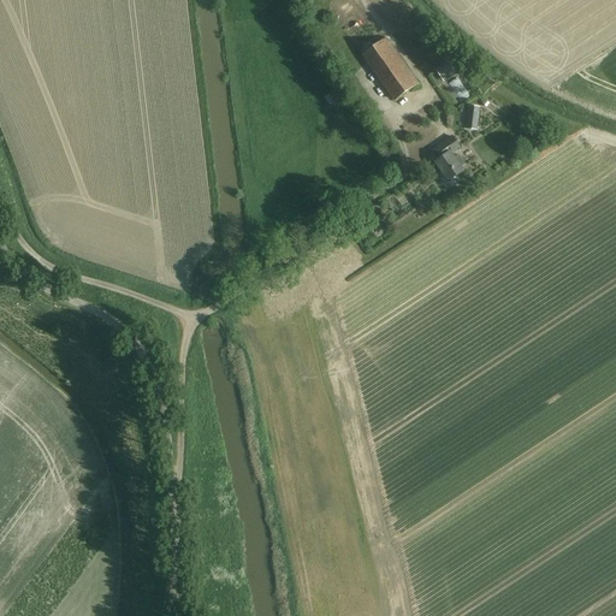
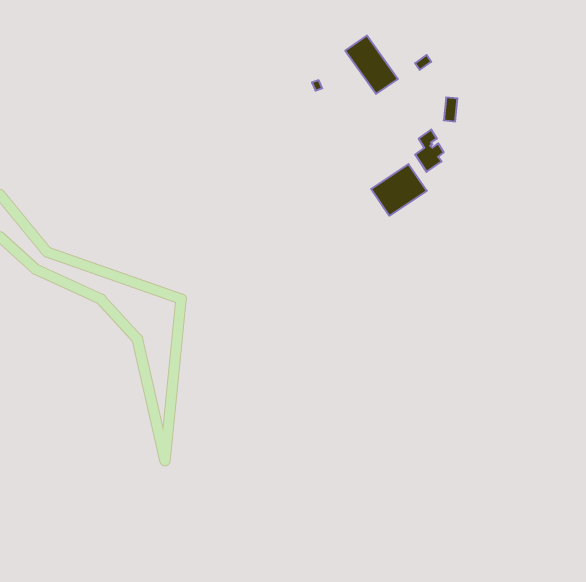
building: none -> [371,164,427,216]

